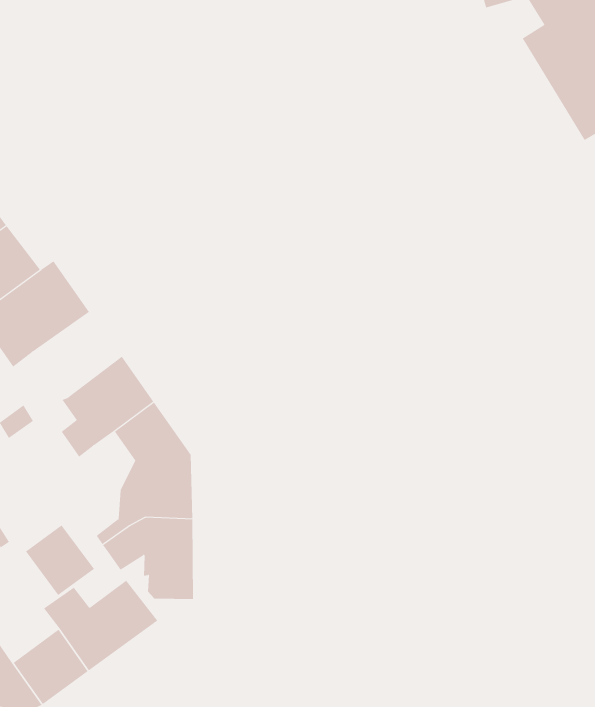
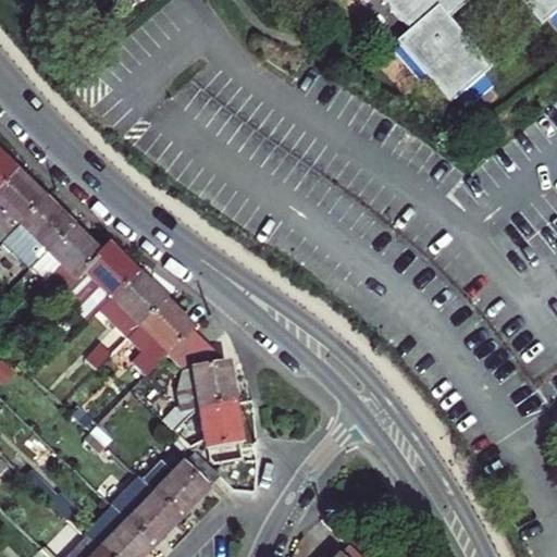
building: none -> [104,271,165,332]
building: [25,525,95,596] -> none

